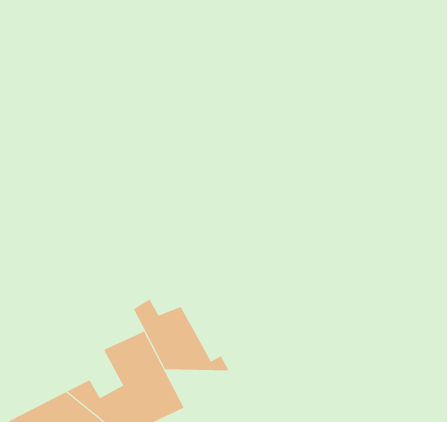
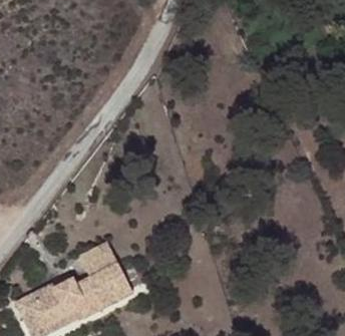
building: [133,298,229,371] -> none

